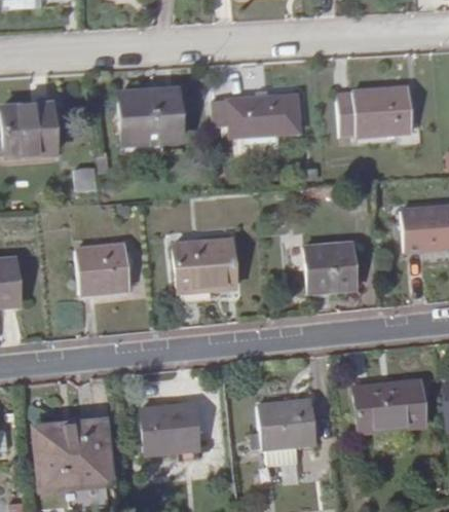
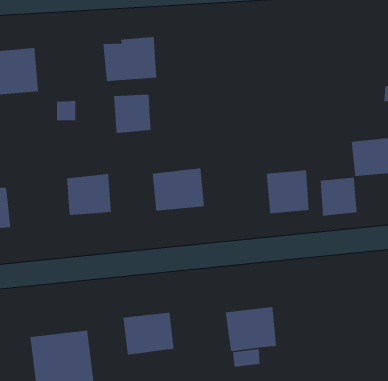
building: [335,87,411,137] -> none
building: [227,96,300,140] -> none
building: none -> [113,94,152,134]
building: none -> [320,177,358,216]
building: [357,377,428,431] -> none

